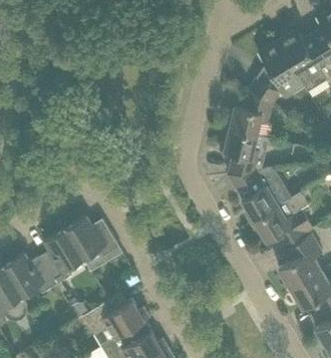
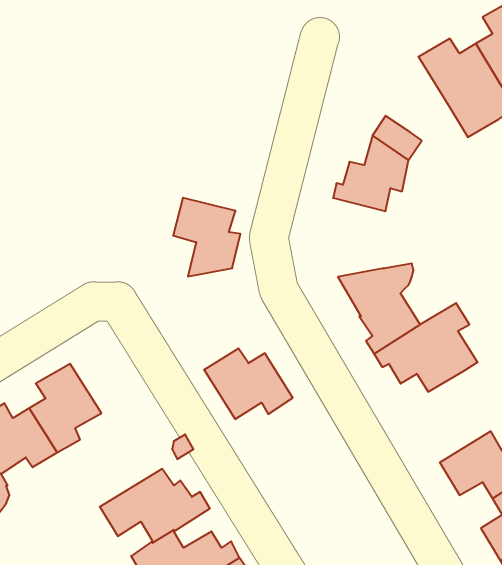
building: [257,42,295,85] -> none
building: [218,128,259,176] -> [173,198,240,277]
building: [63,217,117,260] -> [204,348,293,419]
building: [277,235,321,290] -> none

